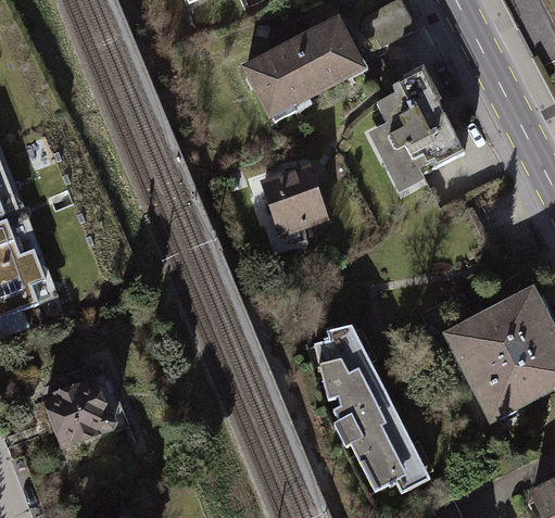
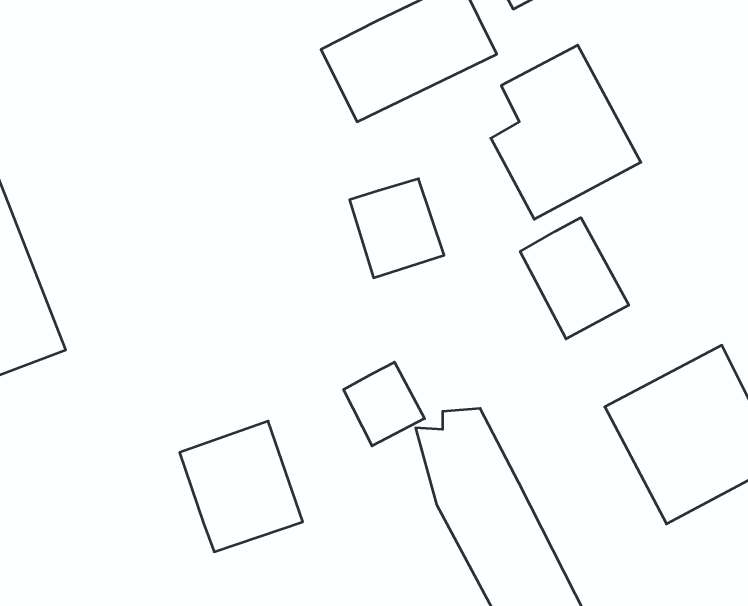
building: none -> [520,218,629,339]
building: none -> [344,362,425,446]
building: [42,363,131,457] -> [180,421,303,552]

